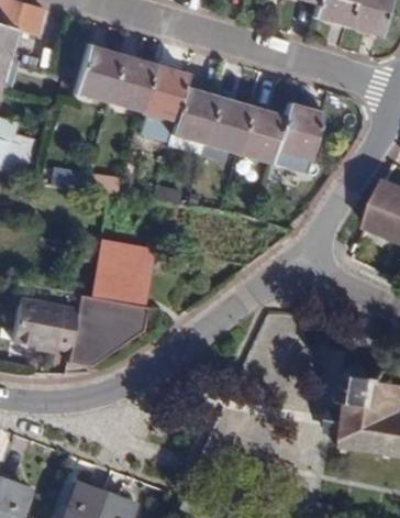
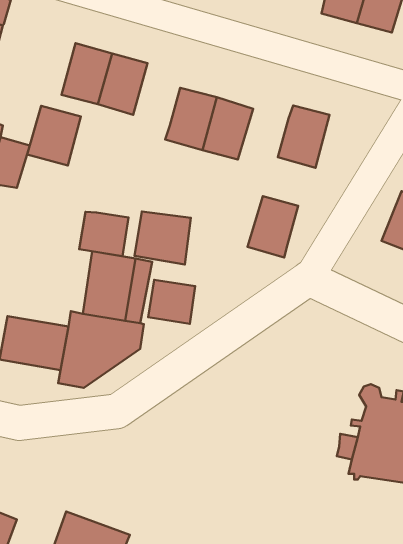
building: [136,63,185,121] -> none
building: none -> [27,106,81,165]
building: [234,106,281,163] -> [248,196,298,257]
building: none -> [134,212,191,264]
building: none -> [79,212,128,256]
building: none -> [148,280,195,324]

